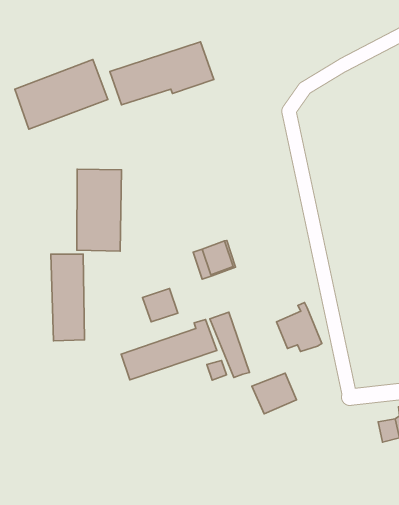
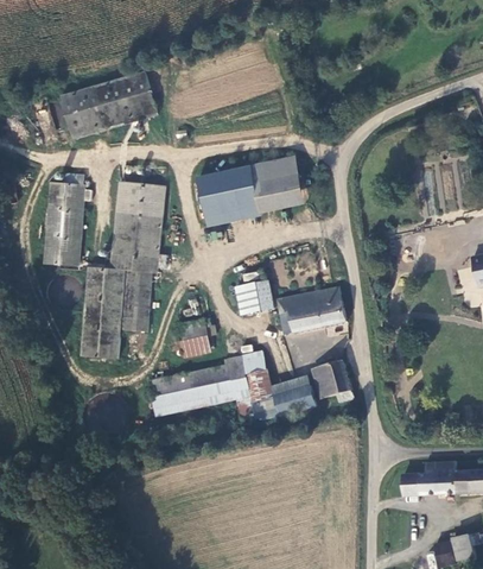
building: [110,42,214,105] -> [199,163,305,219]
building: none -> [43,175,82,270]
building: none -> [272,279,343,329]
building: none -> [117,274,147,337]
building: [252,373,296,414] -> [268,374,312,413]

